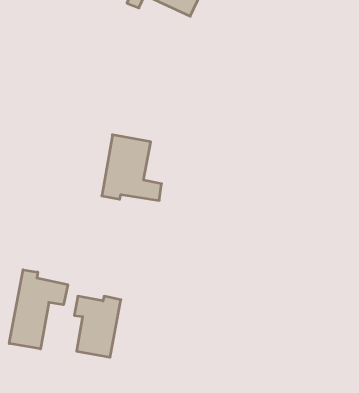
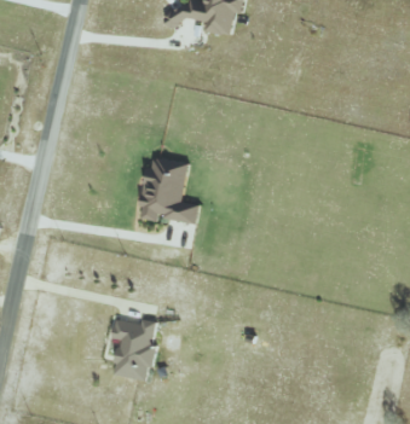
building: [9,270,68,349] -> none

